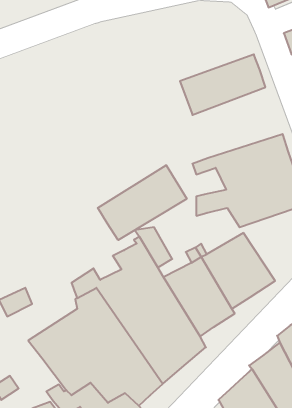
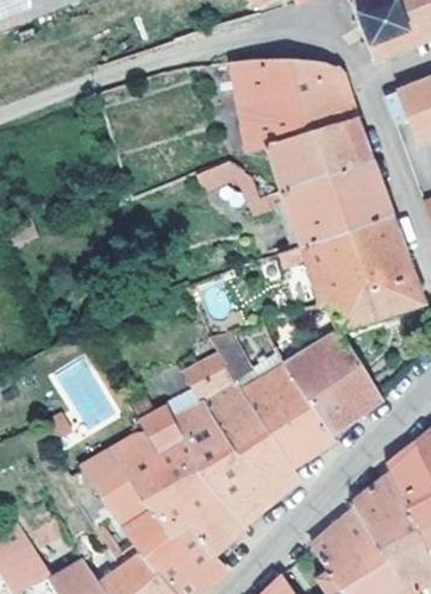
building: none -> [230,60,357,157]
building: none -> [251,157,393,245]
building: [98,165,187,240] -> none

